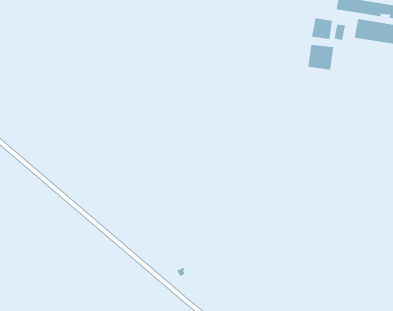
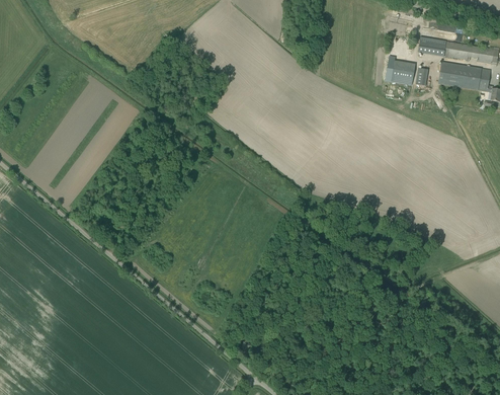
building: [308,44,334,71] -> none

